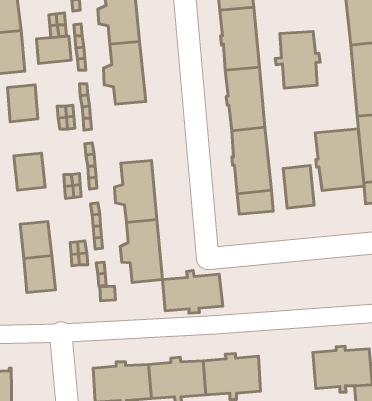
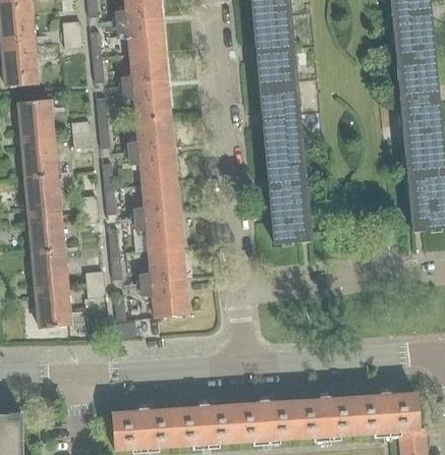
building: [275,31,320,88] -> none
building: [36,36,71,64] -> none
building: none -> [130,118,177,186]
building: none -> [21,137,56,178]
building: [315,129,364,190] -> none
building: [283,166,314,208] -> none
building: none -> [30,213,63,253]
building: [162,271,223,313] -> none
building: none -> [295,392,358,443]

